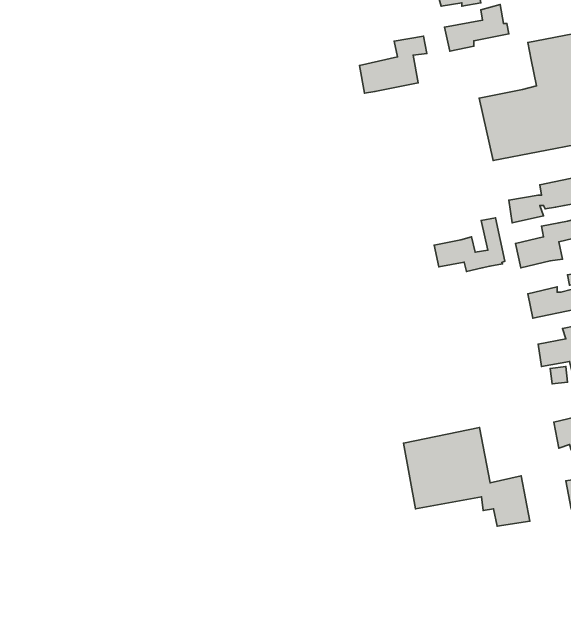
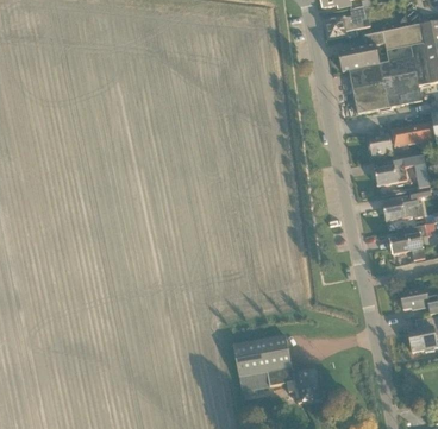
building: [359,36,427,93] -> [339,32,386,71]
building: [434,218,505,271] -> none
building: [403,427,530,526] -> [234,335,321,403]

